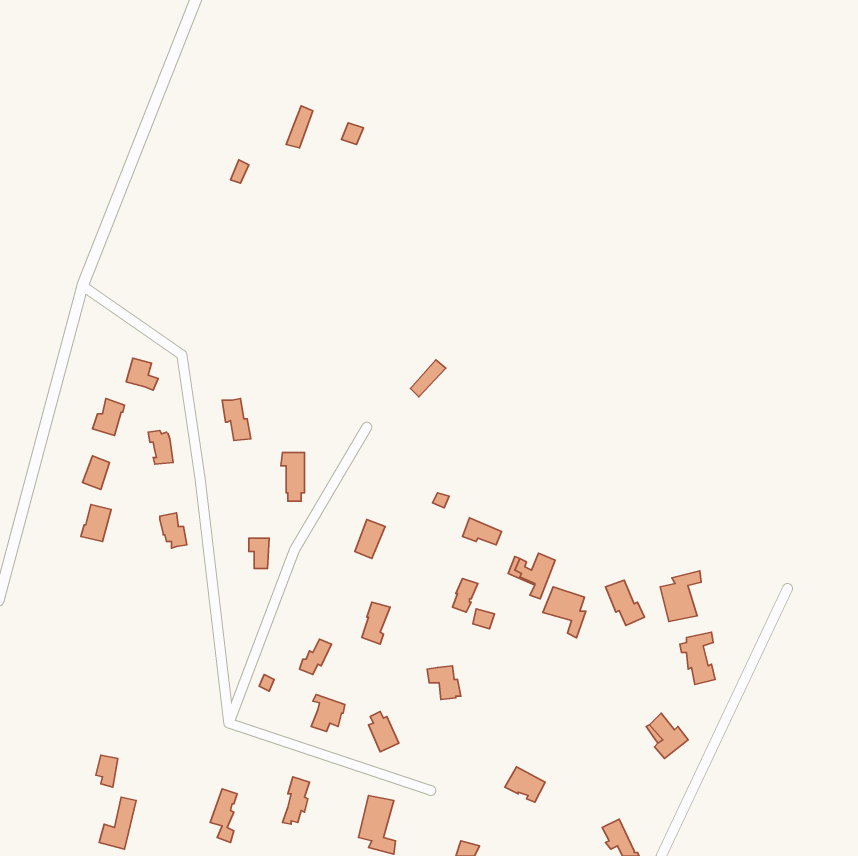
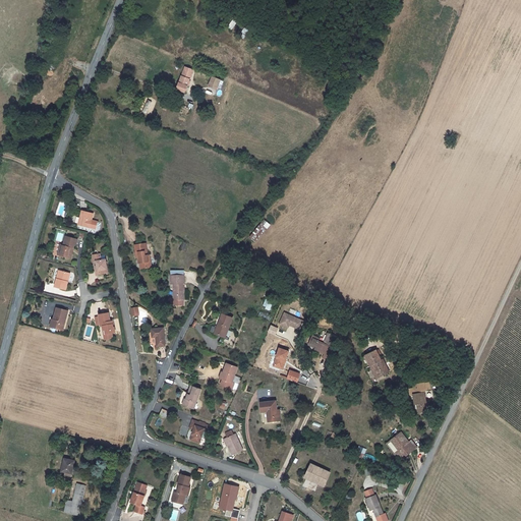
building: [660,571,701,622] -> none
building: [543,587,586,638] -> none

